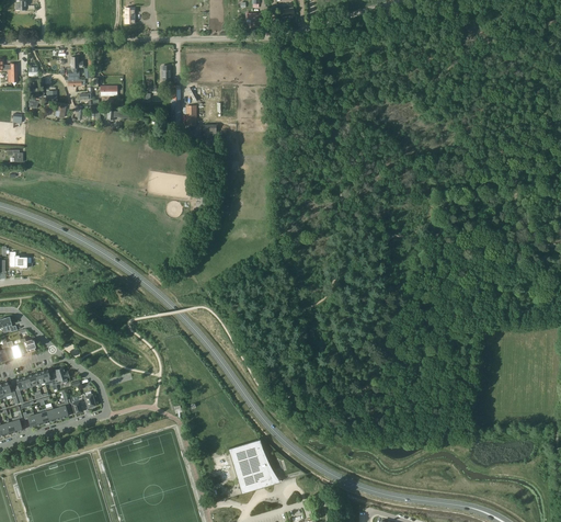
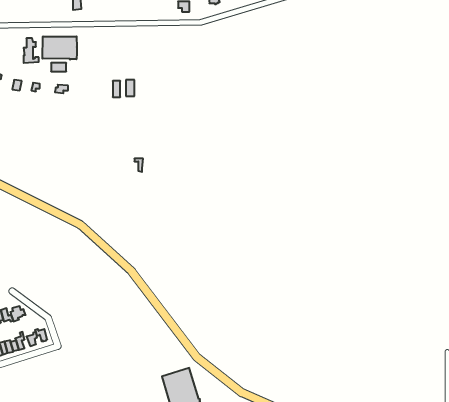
building: none -> [42,36,77,60]

